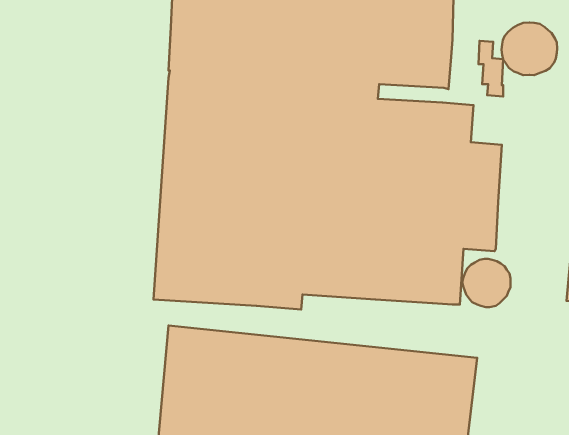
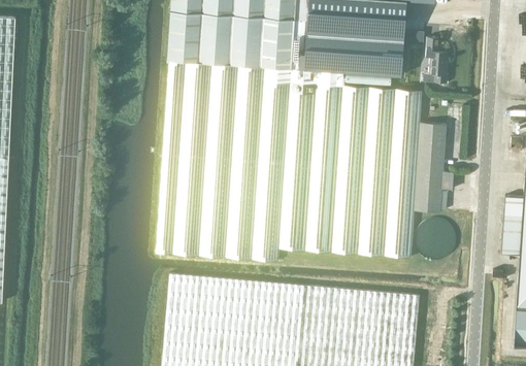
building: [501,23,557,75] -> none

